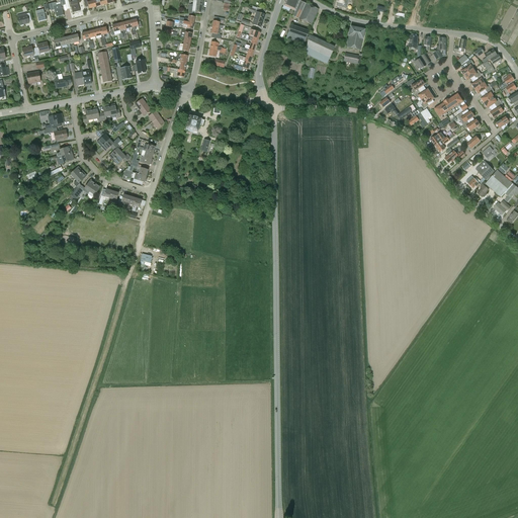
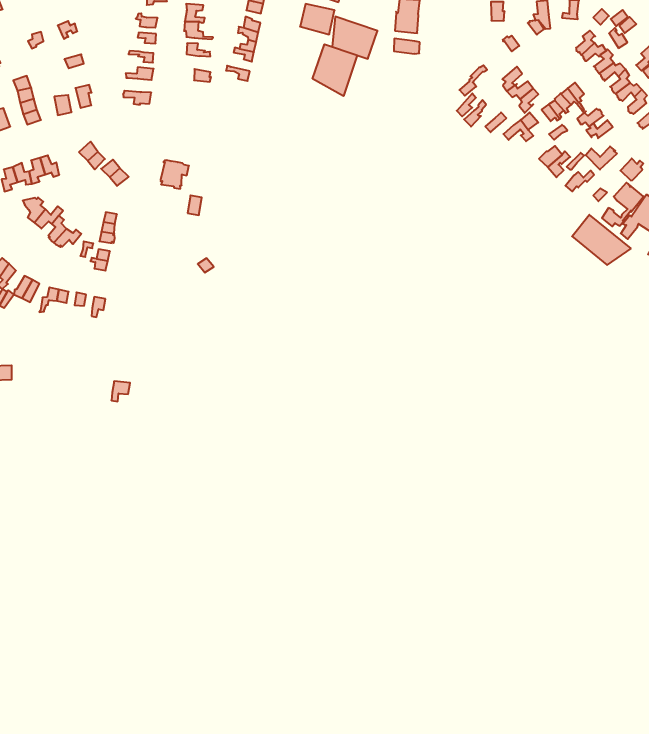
building: none -> [313,44,357,96]
building: none -> [572,215,631,265]

